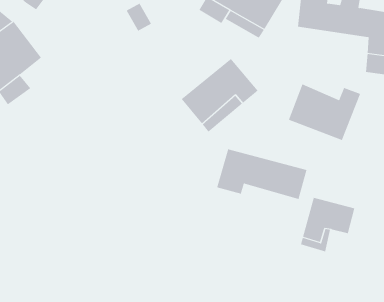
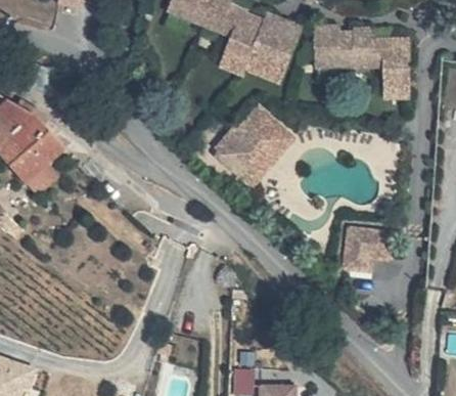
building: [288,84,361,141] -> none
building: [216,148,307,200] -> none

